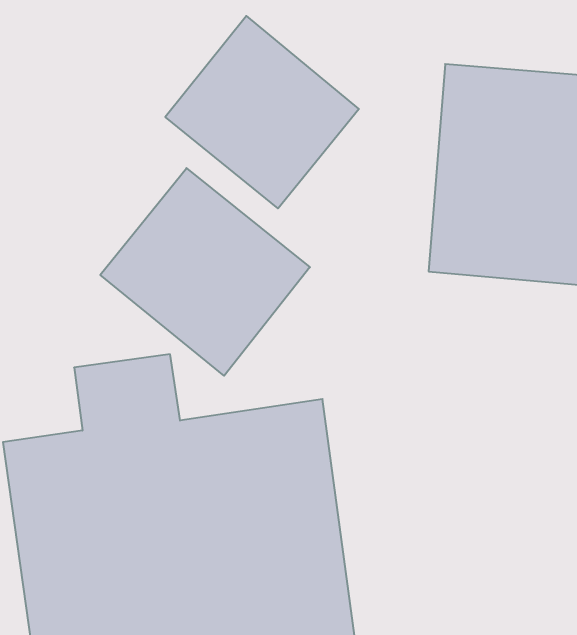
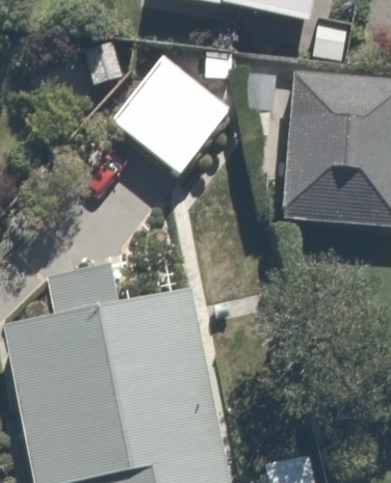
building: [100,168,310,376] -> none

